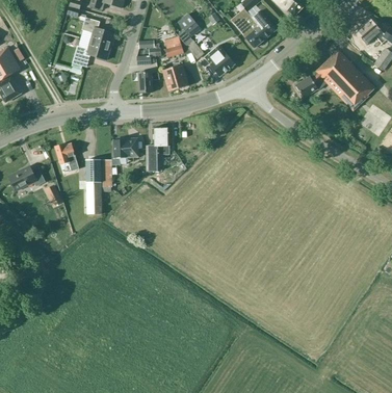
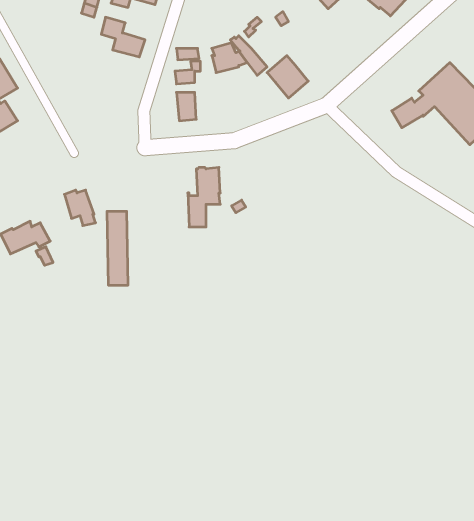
building: [230,8,276,48] -> none
building: [73,41,110,67] -> none
building: [162,64,188,91] -> none
building: [102,137,138,190] -> none

